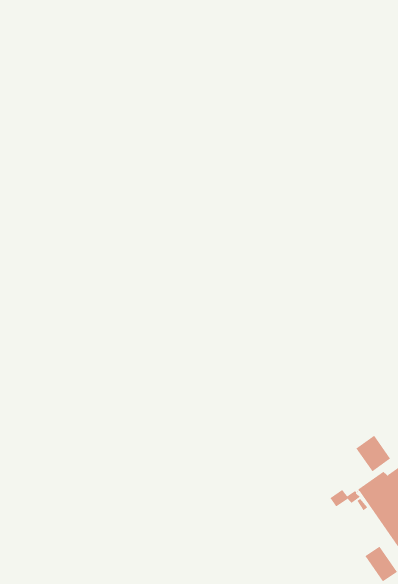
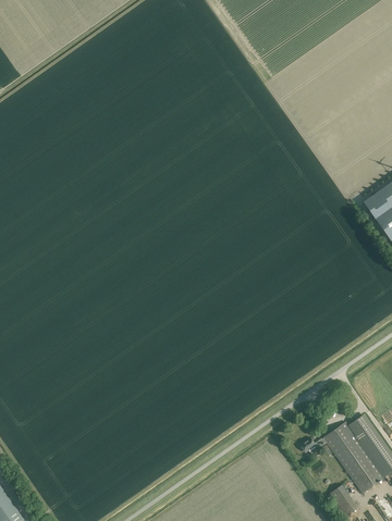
building: [356,435,391,472] -> none

